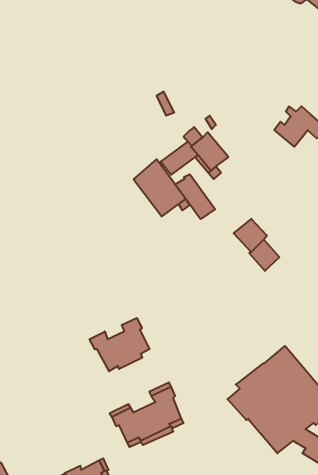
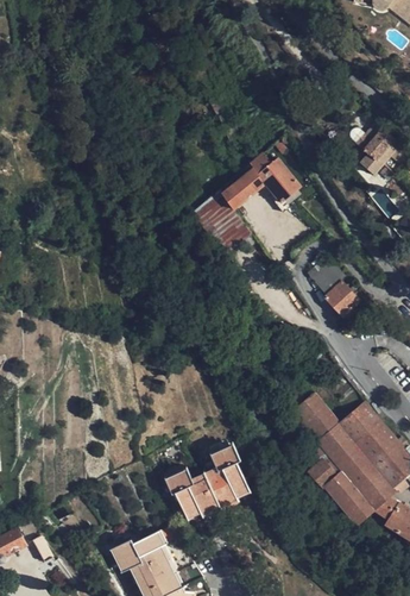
building: [175,174,215,219] -> none
building: [90,318,149,371] -> none
building: none -> [294,393,340,446]

